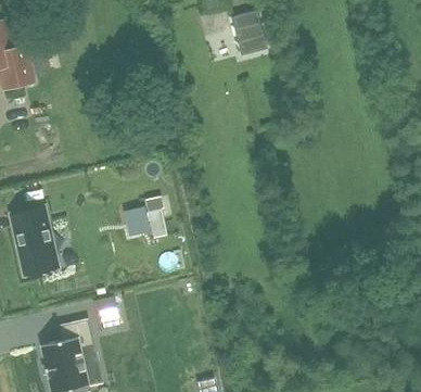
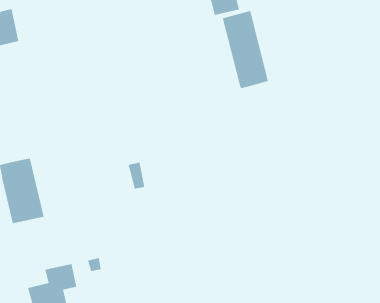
building: none -> [222,10,268,89]
building: [123,205,150,235] -> none

